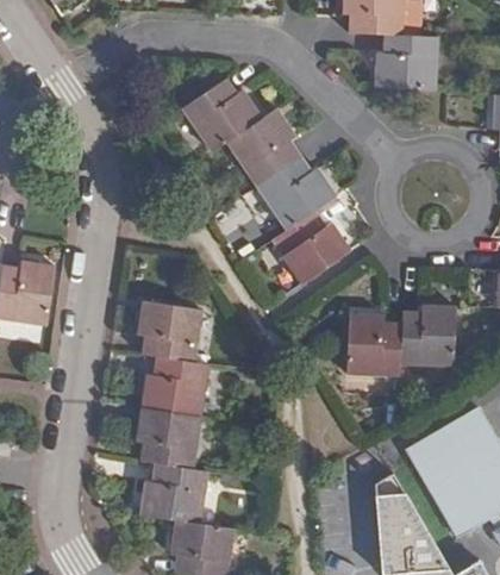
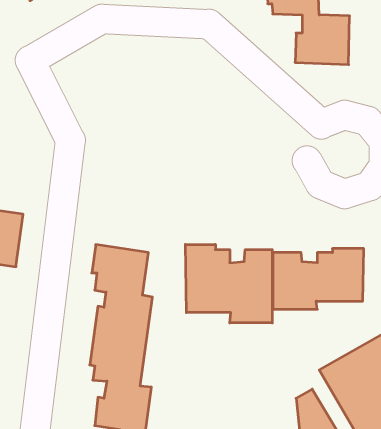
building: [181,79,354,285] -> none
building: none -> [185,244,272,323]

